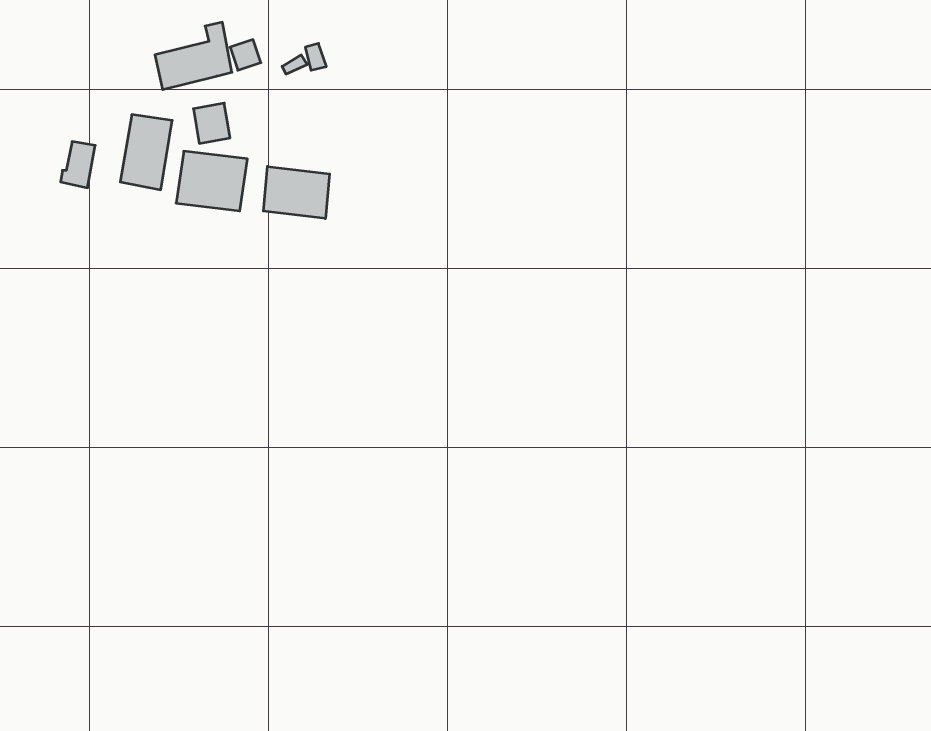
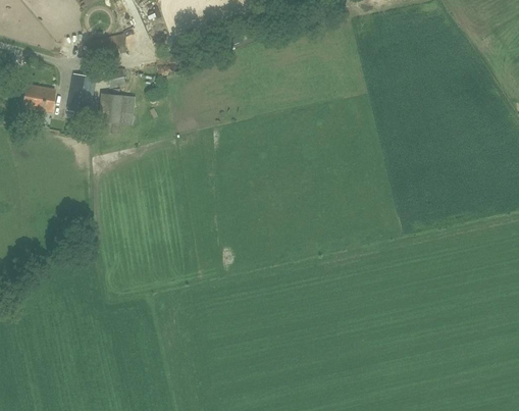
building: none -> [21,84,43,108]
building: [263,166,330,219] -> none

